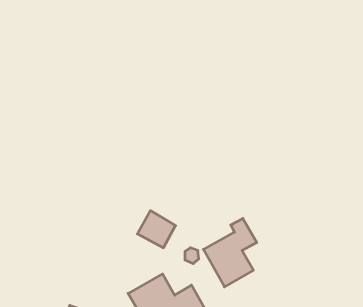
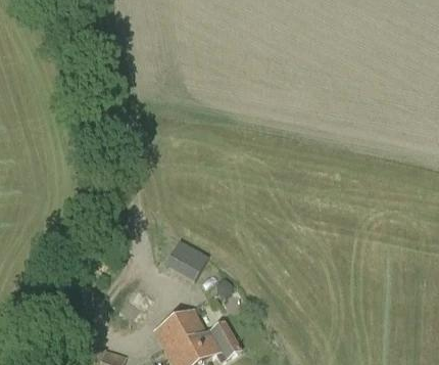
building: [203,218,257,287] -> none

